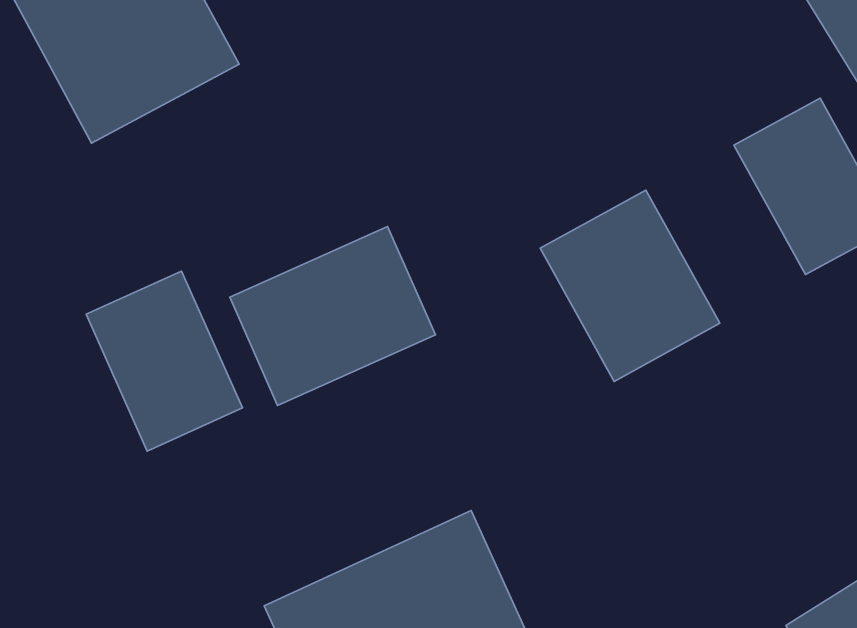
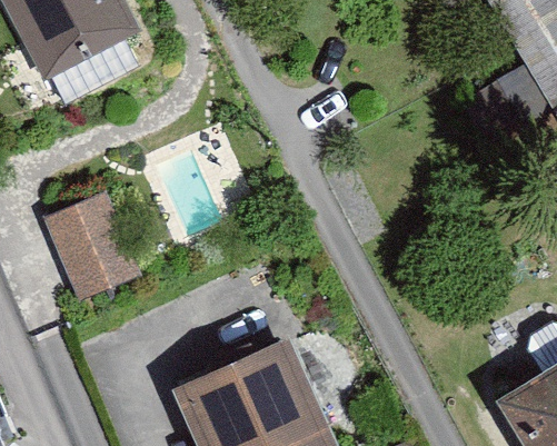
building: [540,190,720,381] -> none
building: [230,226,435,406] -> none

